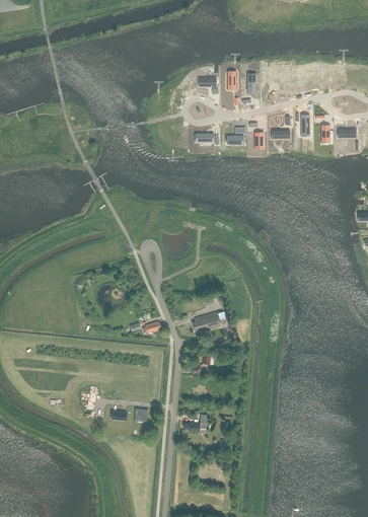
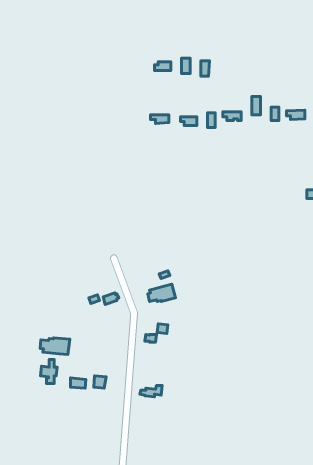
building: none -> [40,338,70,355]

